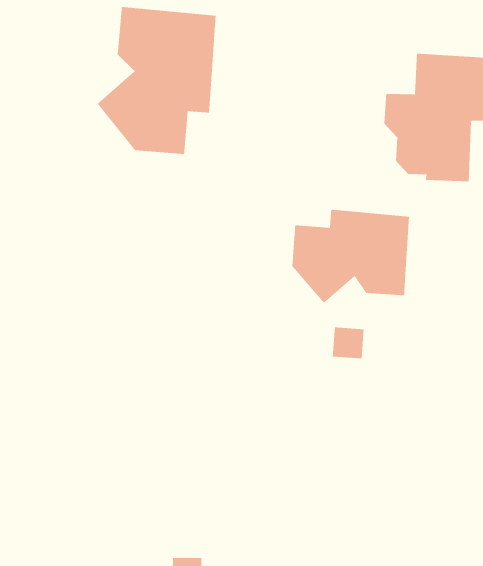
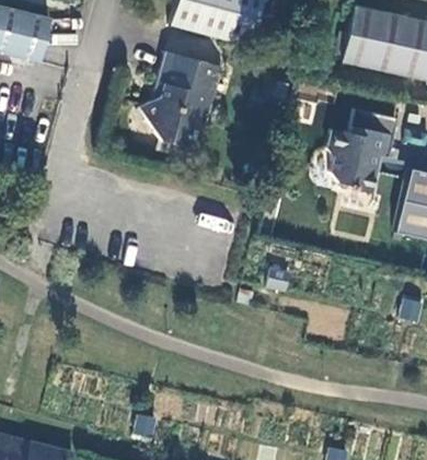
building: [291,209,410,304] -> none

